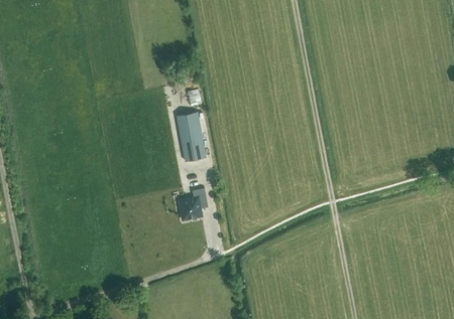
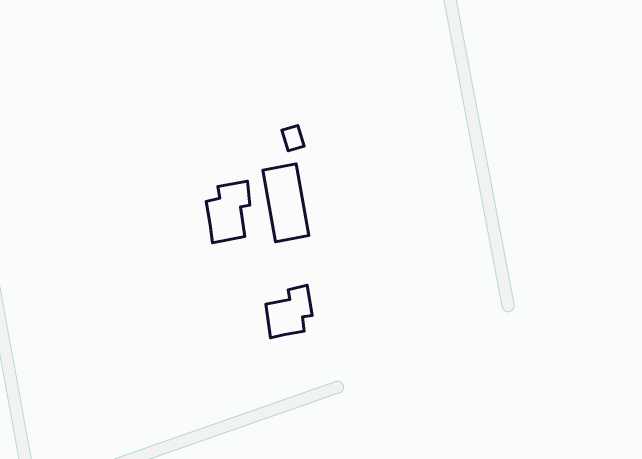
building: none -> [206,181,250,243]

